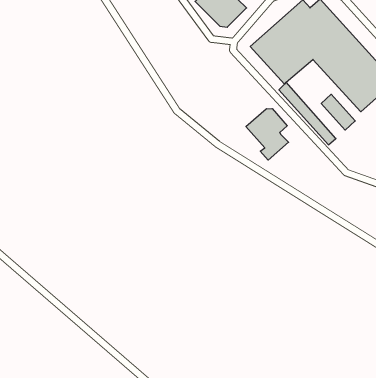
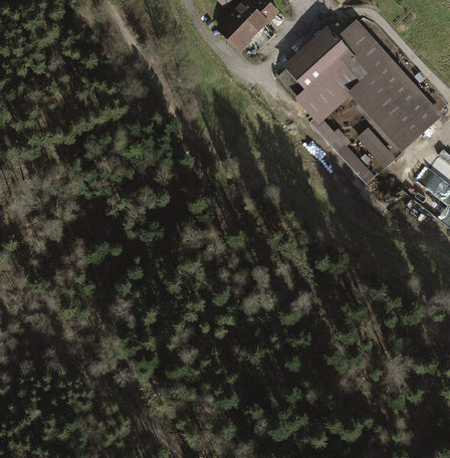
building: [246,109,289,160] -> none

